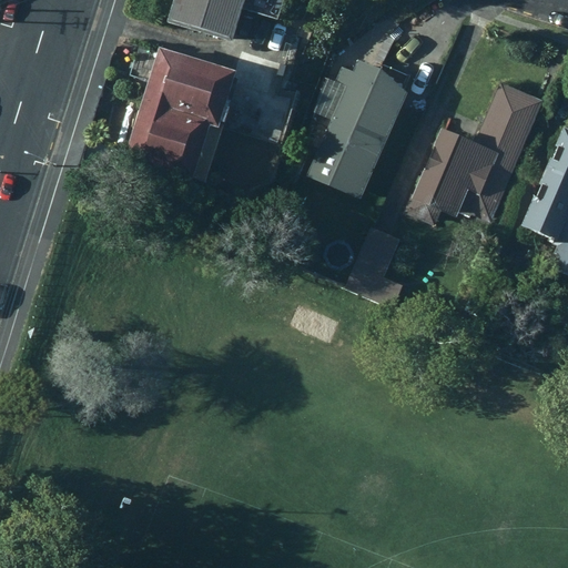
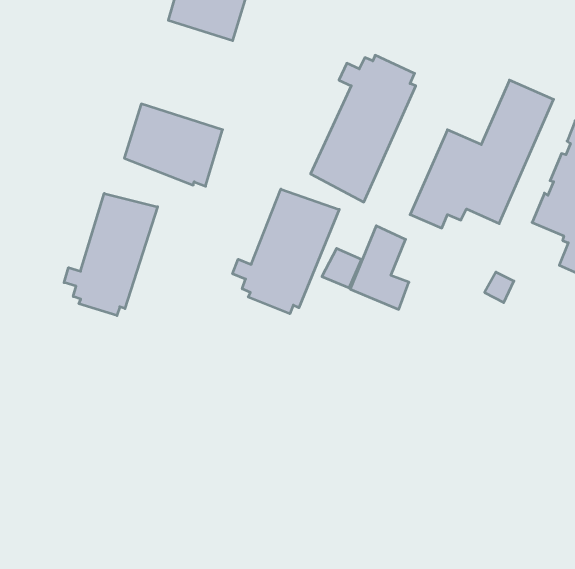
building: [141,44,237,128] -> none
building: none -> [233,189,339,314]
building: none -> [64,193,158,316]

